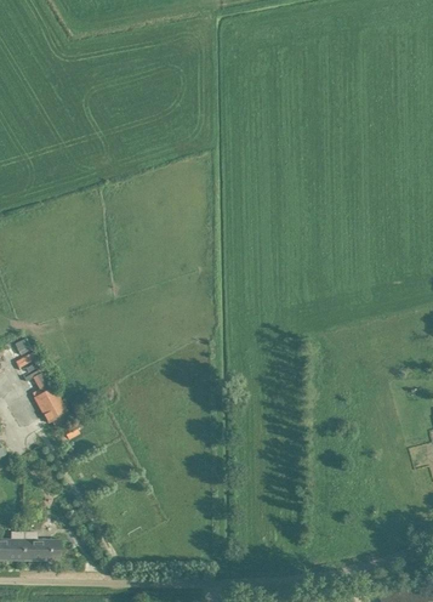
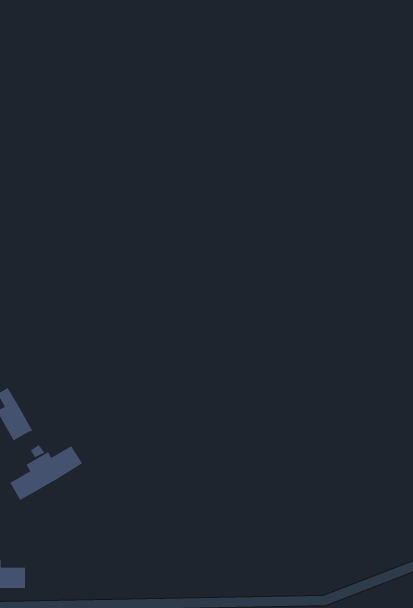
building: none -> [9,445,83,501]

